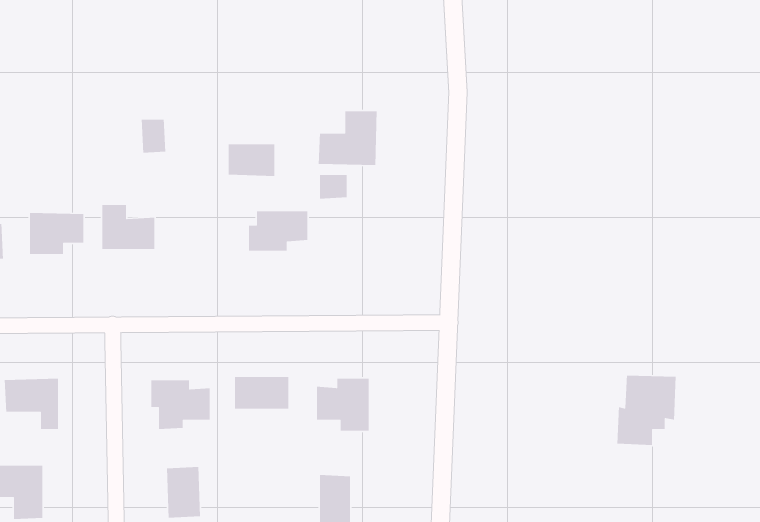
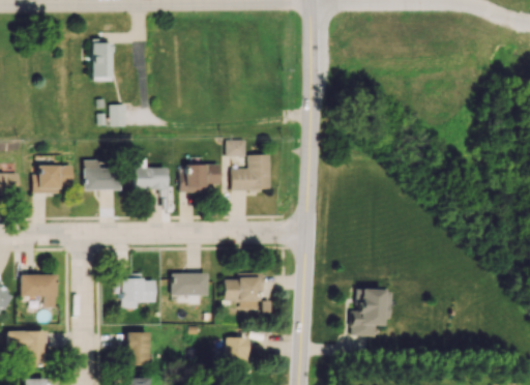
building: none -> [93,42,113,80]
building: [318,111,378,166] -> [232,154,271,190]
building: [228,144,275,177] -> [137,168,168,189]
building: [617,375,677,446] -> [351,289,390,335]

